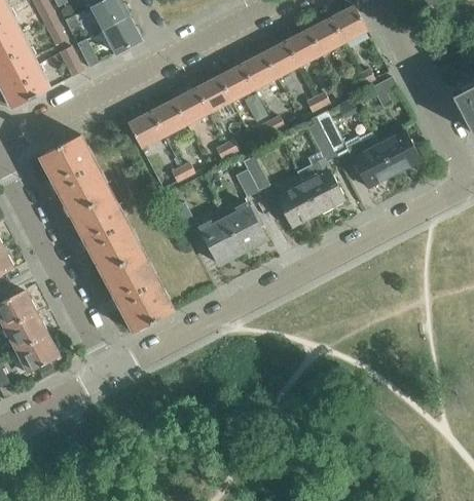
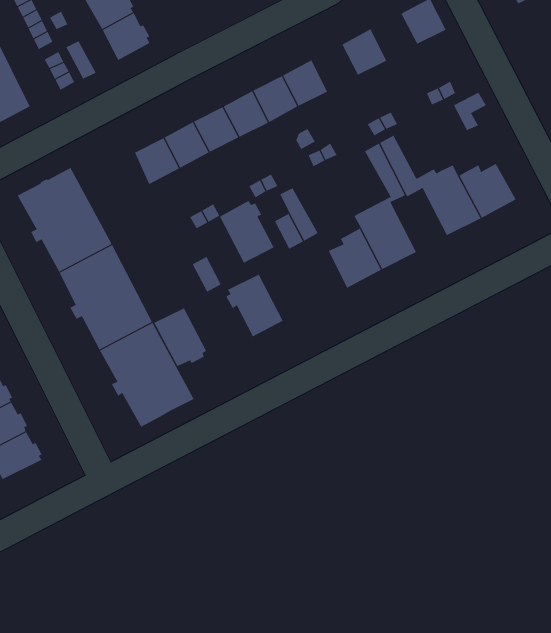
building: [308,17,343,53] -> none
building: [263,41,298,77] -> none
building: [223,203,265,252] -> [219,200,274,264]
building: none -> [154,308,207,367]

